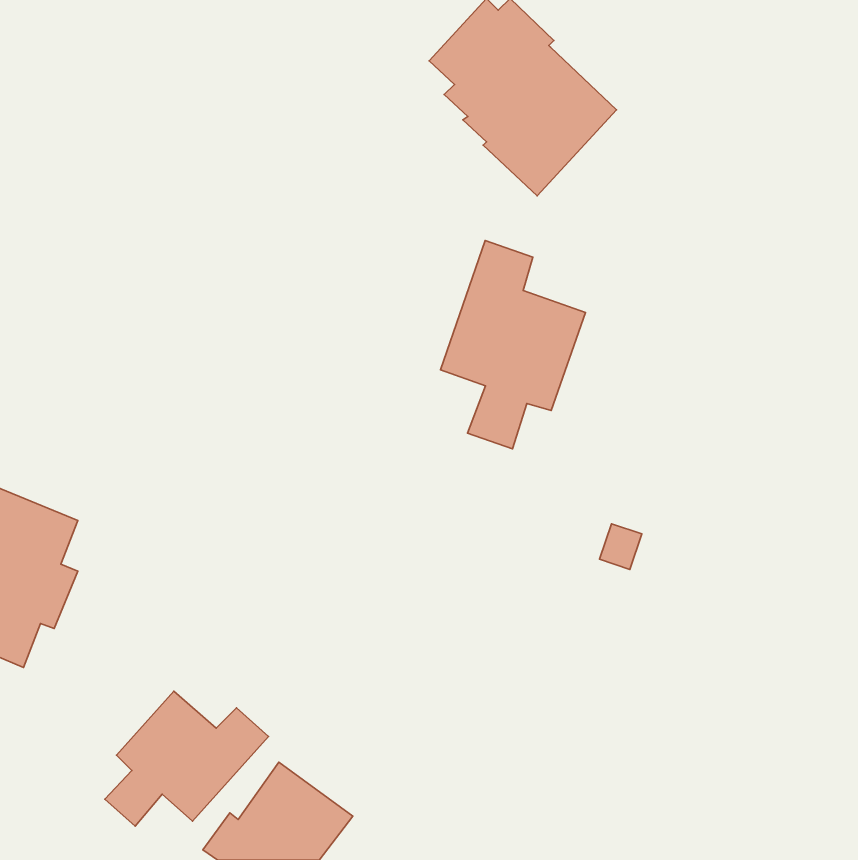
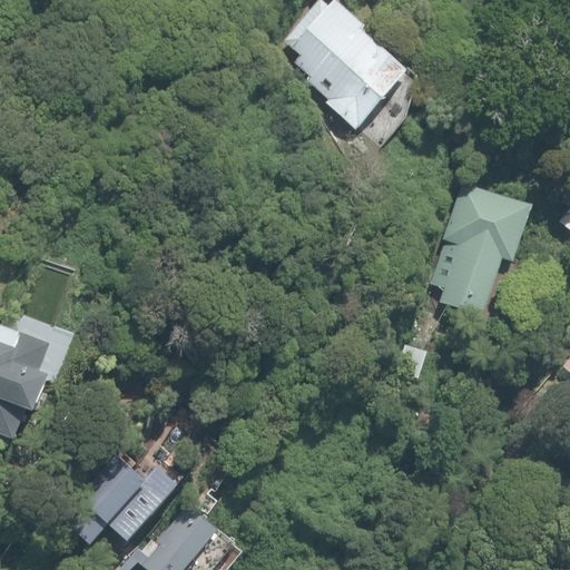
building: [441,241,585,449] -> none
building: none -> [430,183,532,317]

